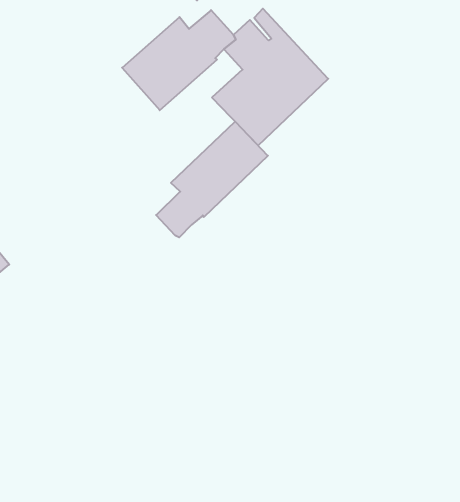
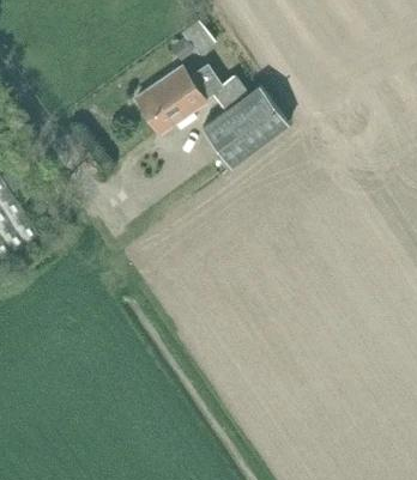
building: [156,122,268,237] -> none

